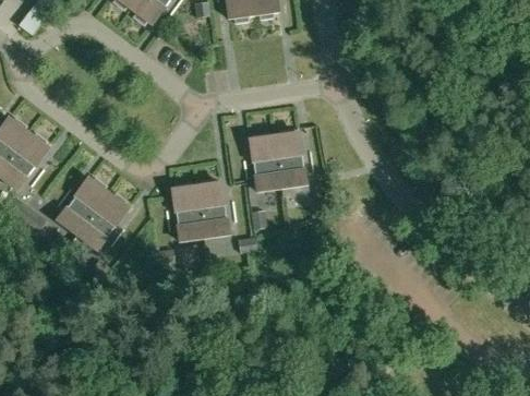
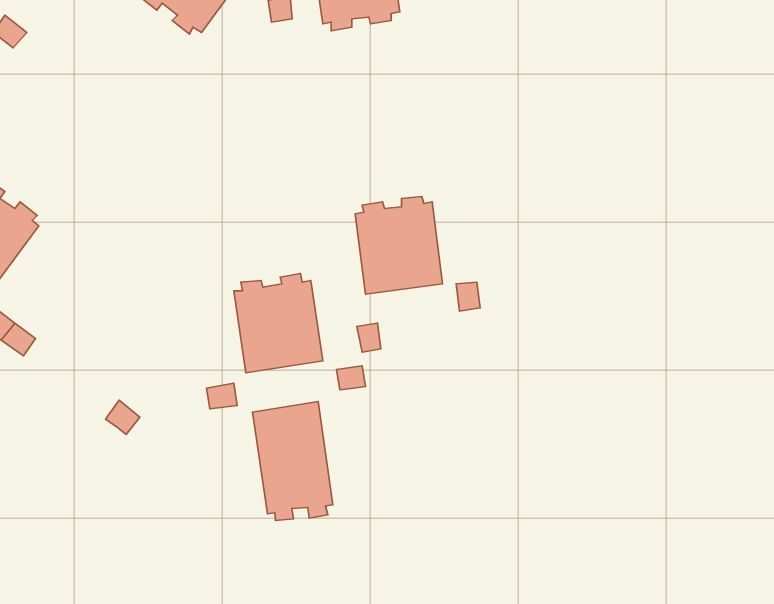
building: [57,178,128,250] -> none
building: none -> [252,401,333,521]

